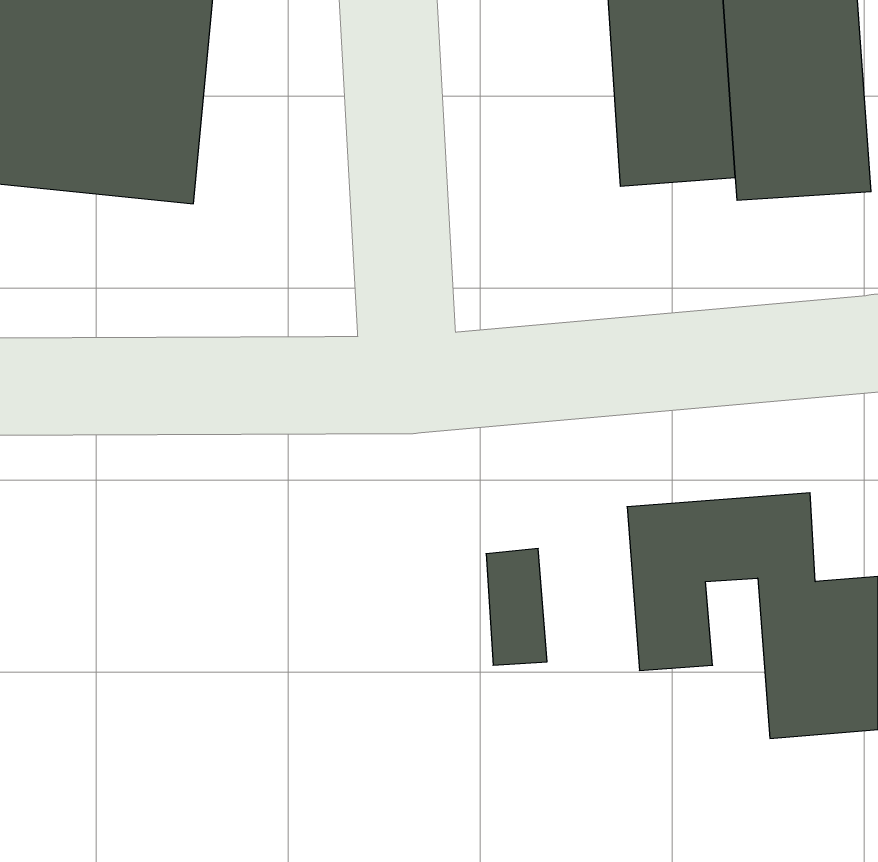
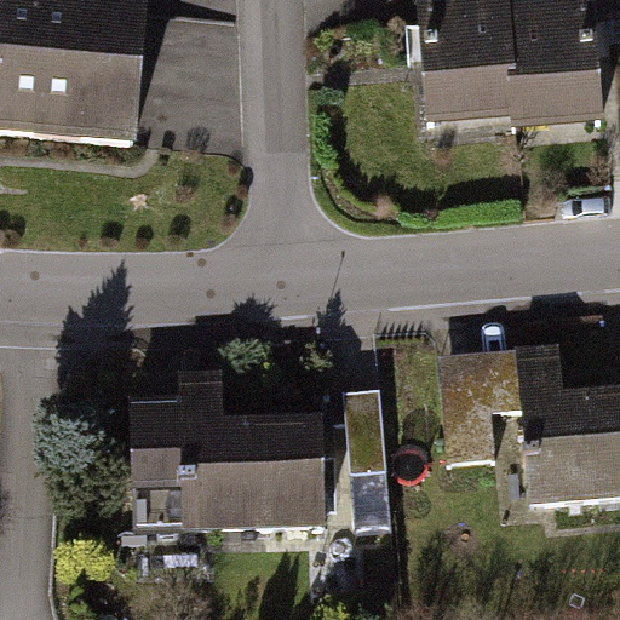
building: none -> [132,374,329,538]

